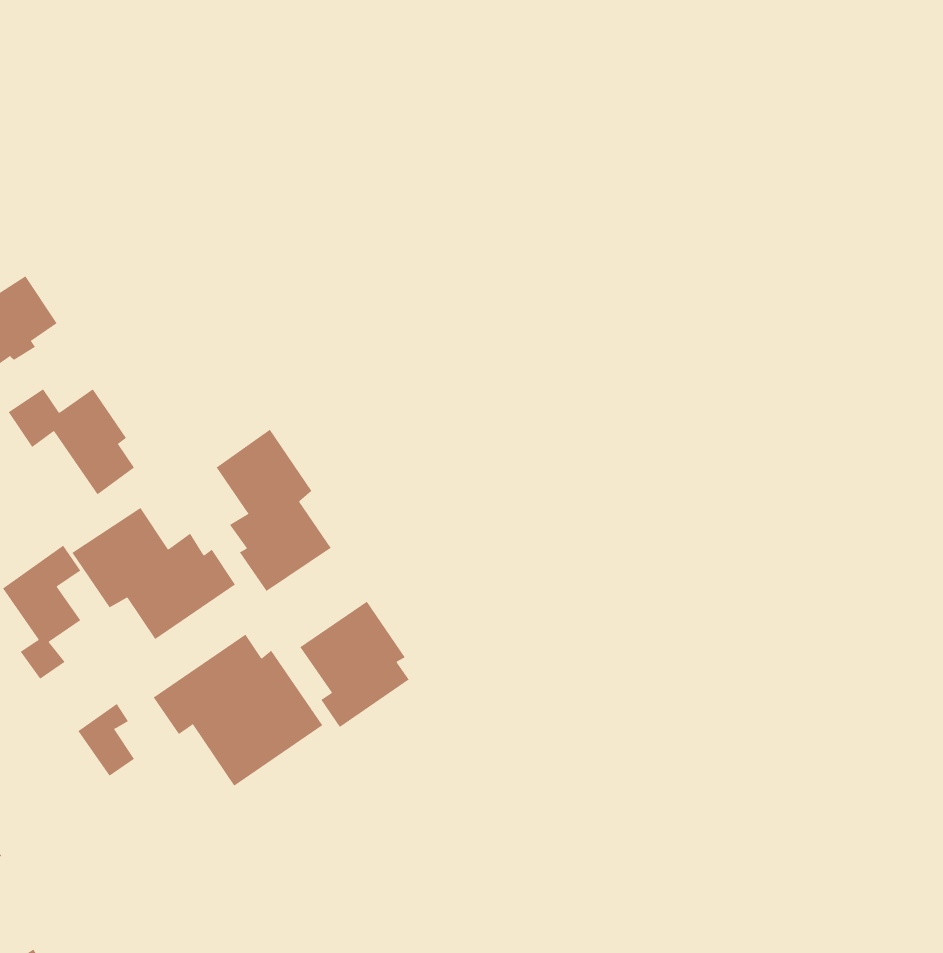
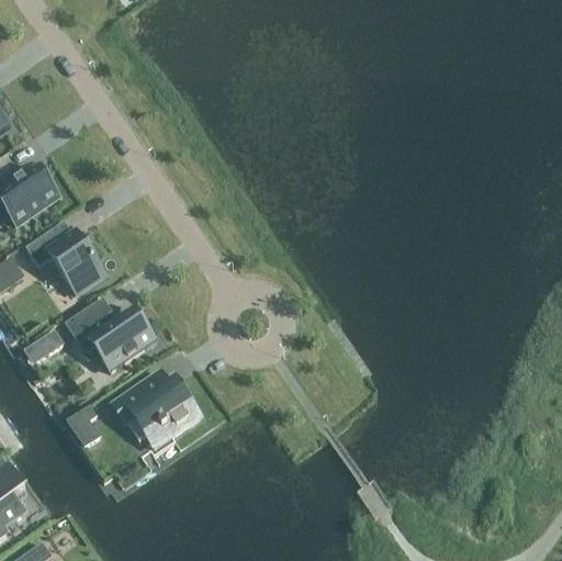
building: [216,429,332,592] -> none
building: [299,601,410,728] -> none

